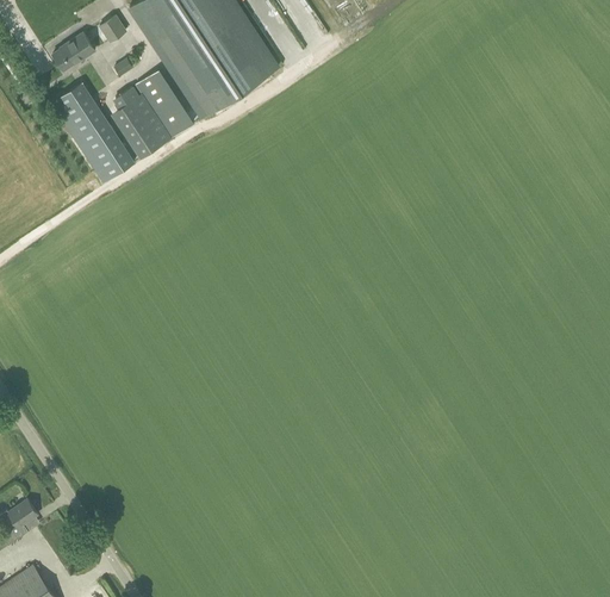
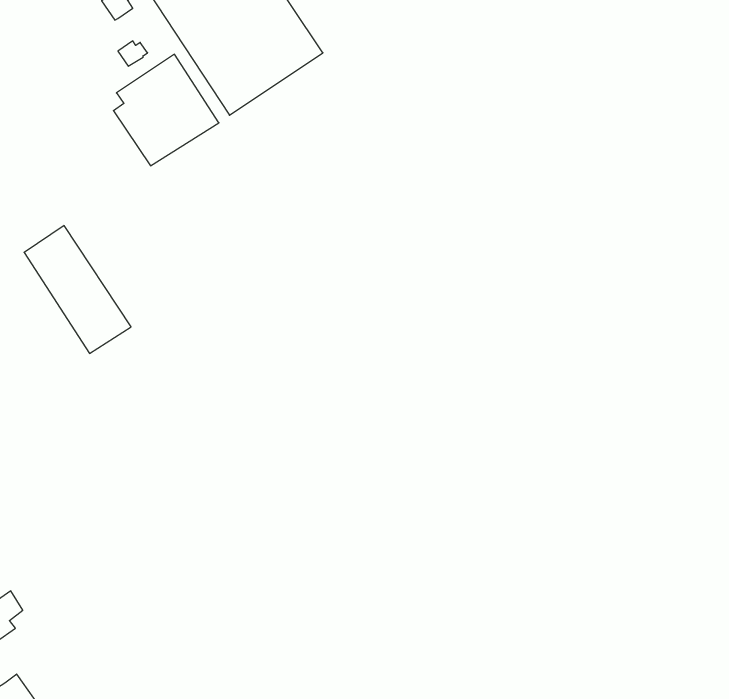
building: [52,32,95,69] -> none
building: [50,81,136,184] -> [24,226,131,353]

